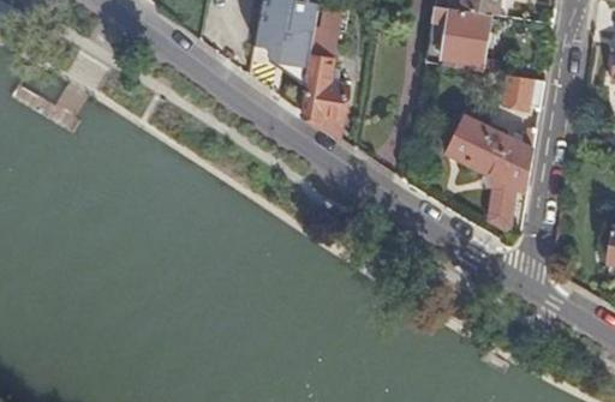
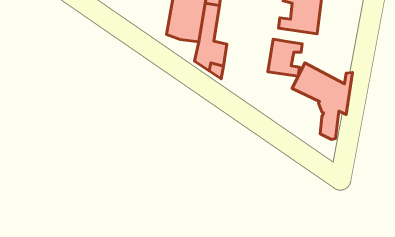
building: [498,73,543,107] -> none
building: none -> [268,39,302,76]

